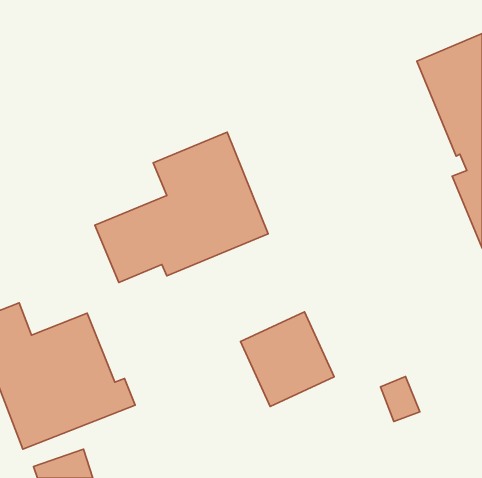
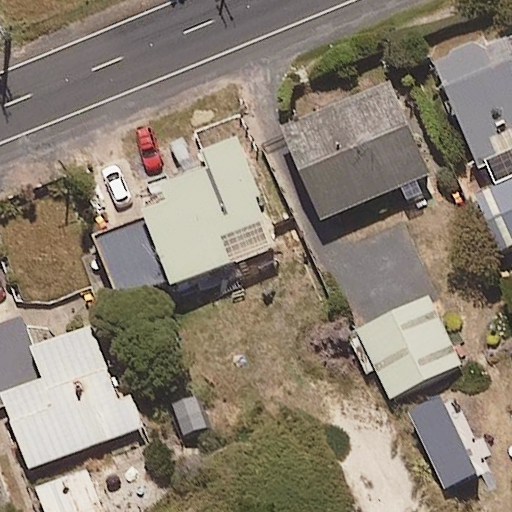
building: none -> [284,82,429,219]
building: [240,312,334,407] -> [361,294,459,393]

